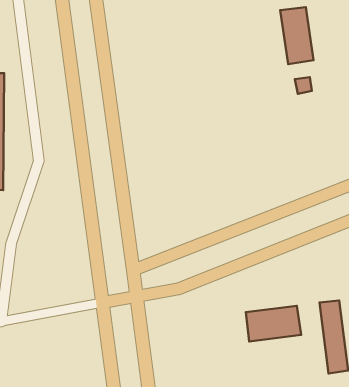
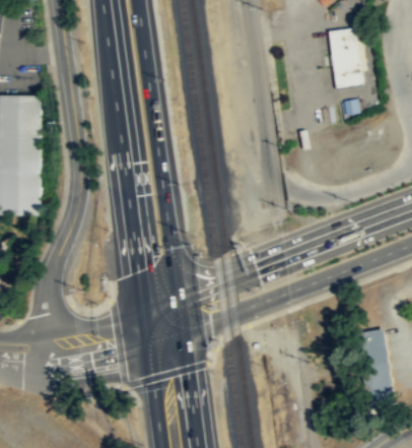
building: [246,306,301,341] -> none

